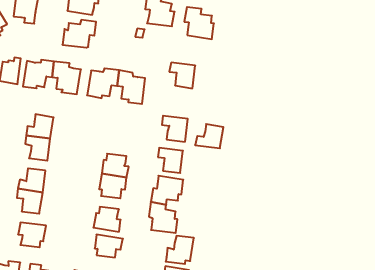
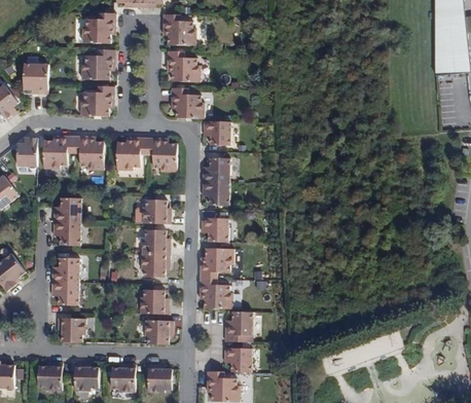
building: [184,7,214,39] -> [170,87,203,119]
building: [195,124,223,148] -> [201,156,229,181]
building: none -> [134,199,170,224]

